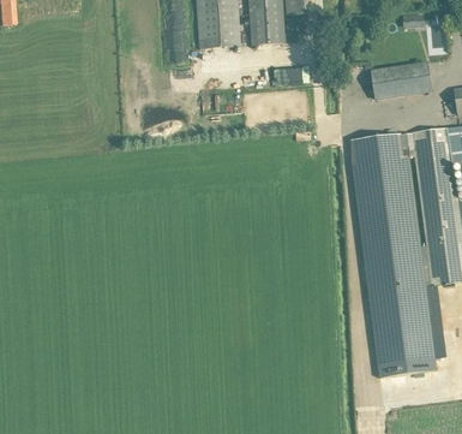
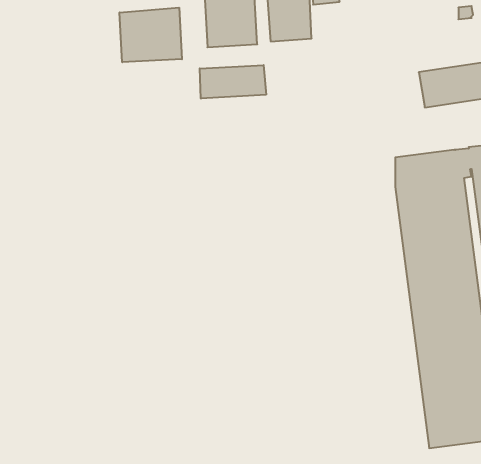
building: none -> [120,8,182,62]
building: none -> [200,65,266,99]

